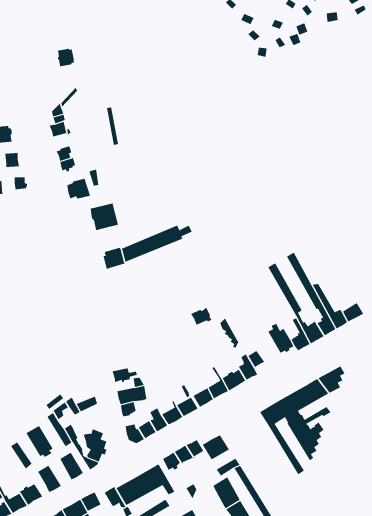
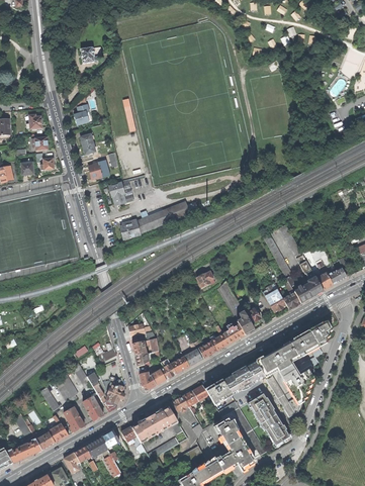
building: none -> [222,362,263,394]
building: none -> [249,393,289,445]

